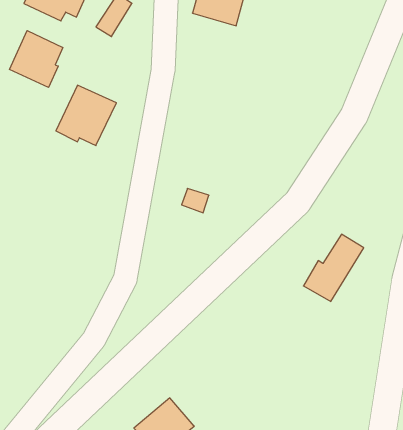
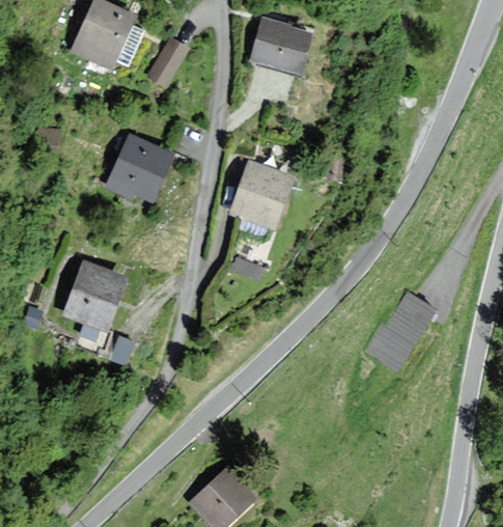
building: [10,31,63,87] -> none
building: none -> [230,162,291,234]
building: none -> [64,263,123,329]

